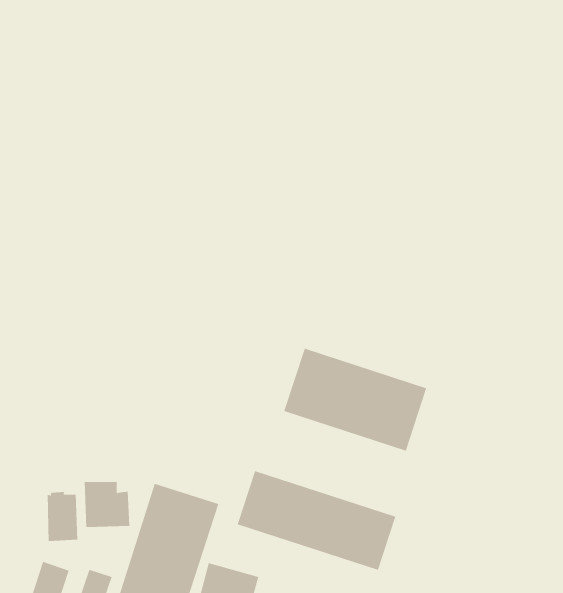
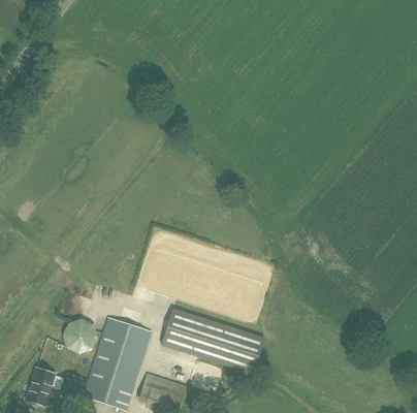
building: [284,348,427,451] -> none
building: [47,491,78,542] -> none

